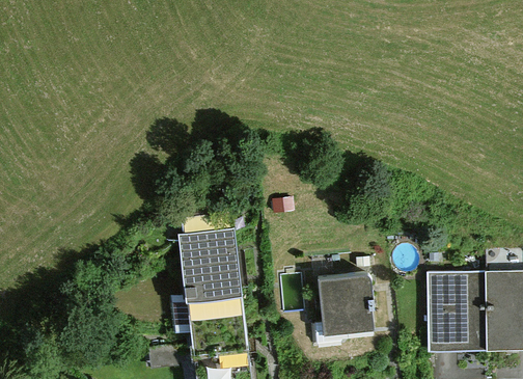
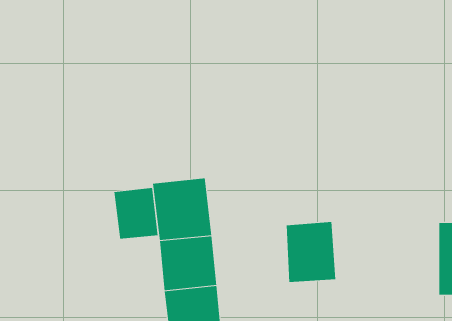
building: none -> [114,187,158,239]
building: [425,272,486,350] -> none

